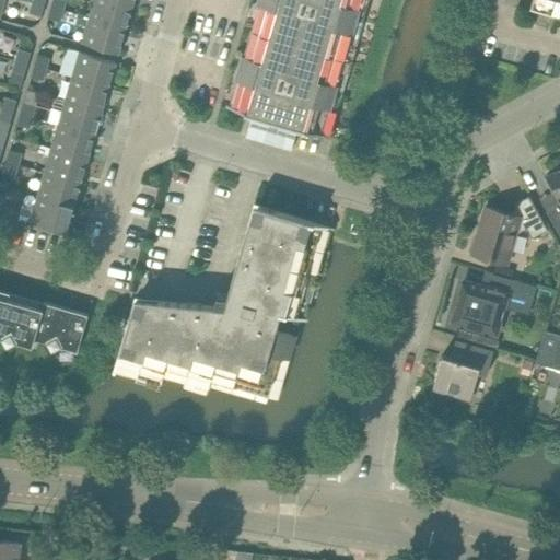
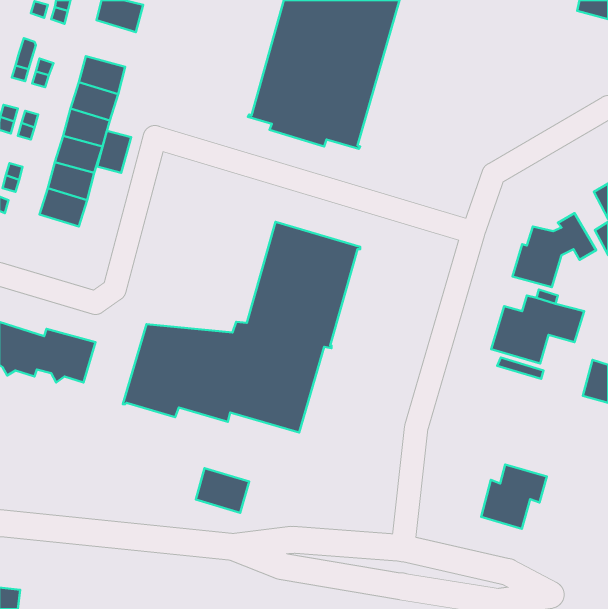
building: [81,19,125,54] -> none
building: none -> [97,131,131,173]
building: [30,197,72,232] -> none
building: [432,340,492,399] -> [481,465,547,529]
building: none -> [196,468,249,513]

